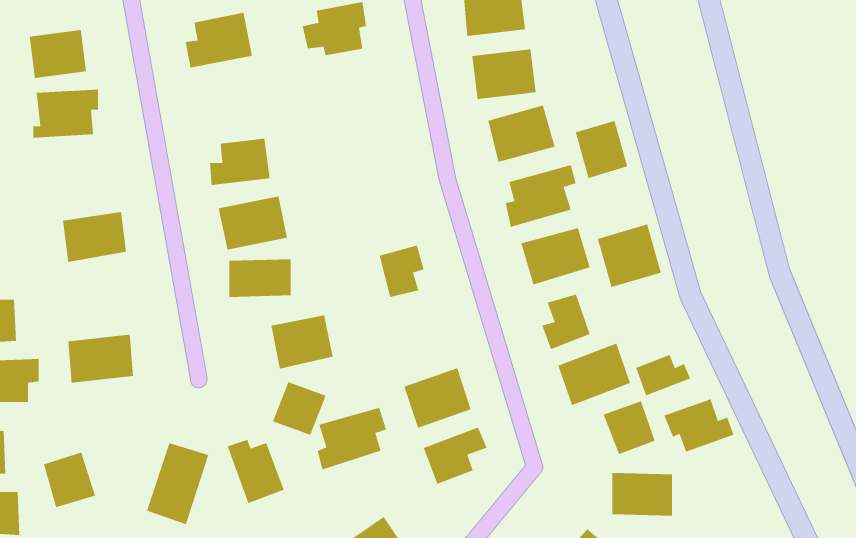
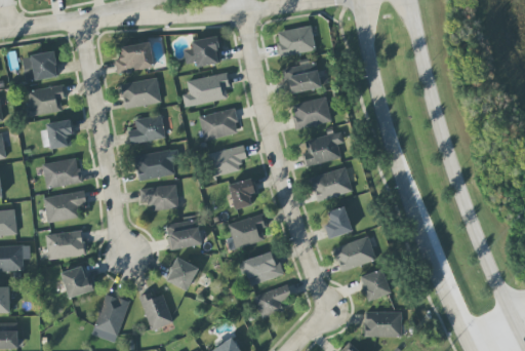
building: none -> [183,73,230,106]
building: none -> [120,77,161,109]
building: [575,120,628,179] -> none
building: none -> [200,109,239,140]
building: none -> [42,119,74,148]
building: none -> [209,145,247,177]
building: [597,224,662,288] -> none
building: none -> [44,192,86,221]
building: [635,354,691,396] -> none
building: [663,398,734,453] -> none
building: [317,407,387,470] -> [227,213,268,250]
building: [43,452,96,508] -> [62,265,92,298]

